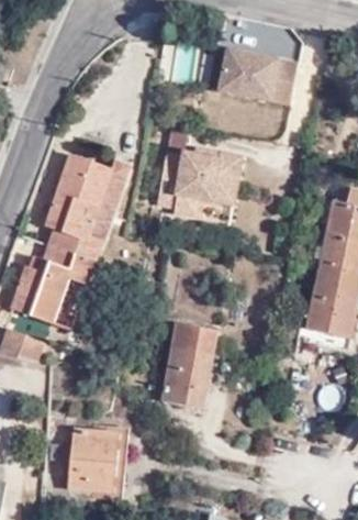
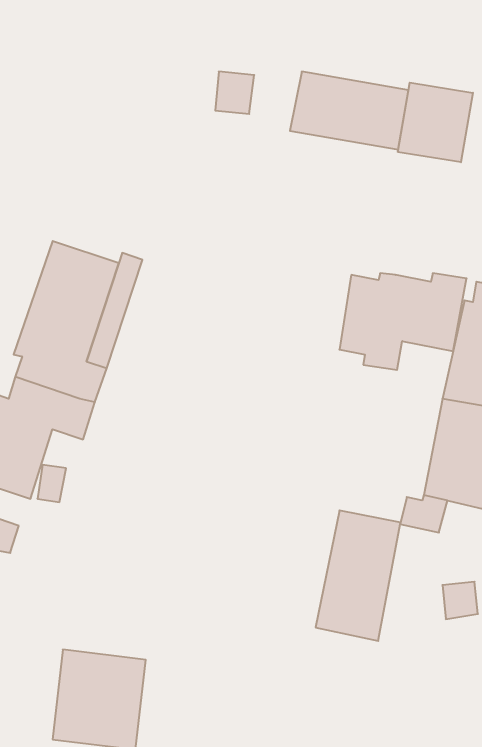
building: none -> [398,83,473,162]
building: [160,153,243,215] -> [339,273,467,370]
building: [161,322,216,407] -> [316,510,400,641]

